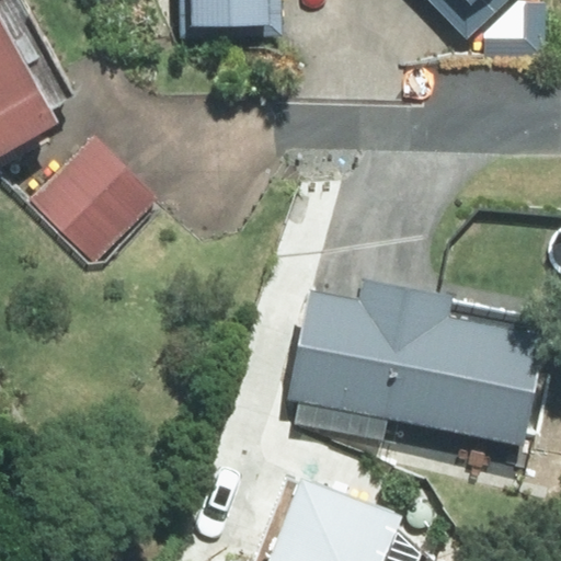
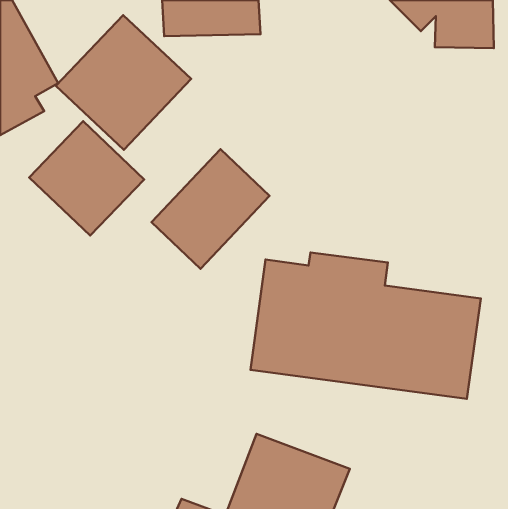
building: none -> [56,15,191,150]
building: none -> [151,149,269,269]

